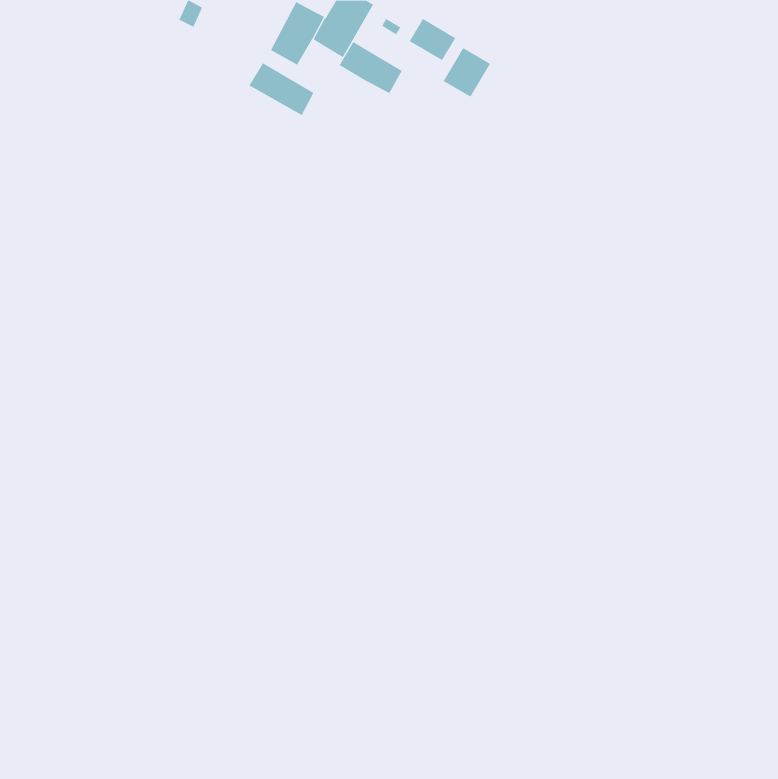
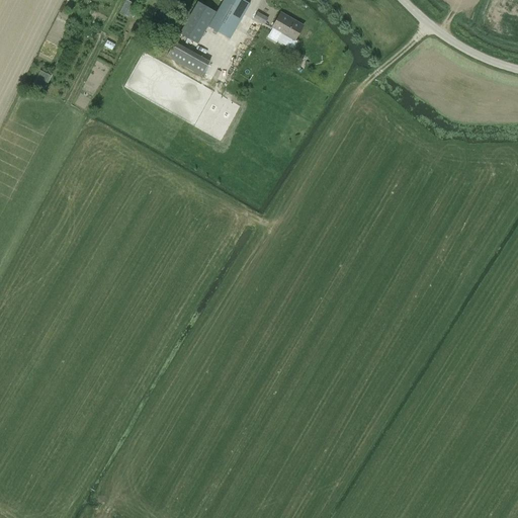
building: [339,41,403,94] -> none
building: [443,47,491,98] -> none

